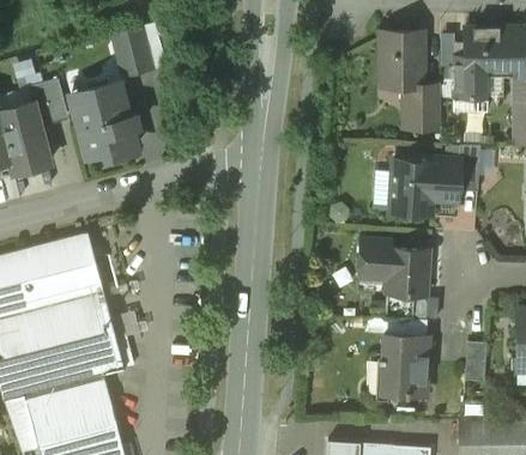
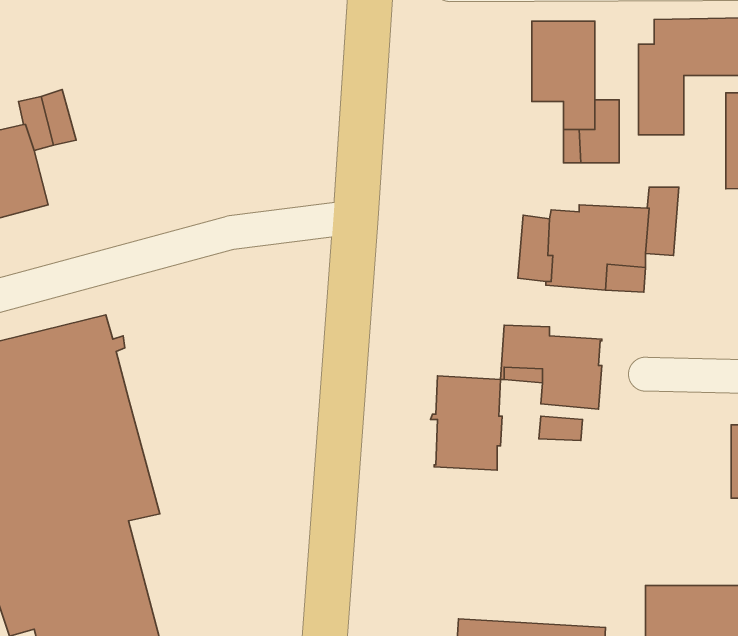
building: [113,26,151,74] -> none
building: [71,84,138,158] -> none
building: [379,332,428,396] -> [431,376,502,470]
building: [465,341,486,381] -> none

